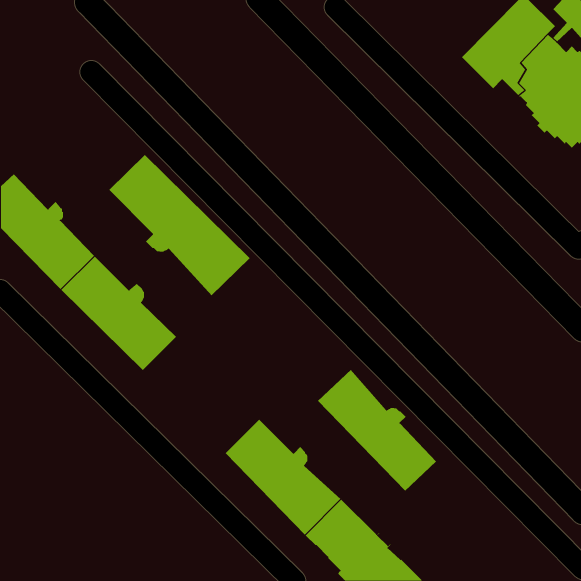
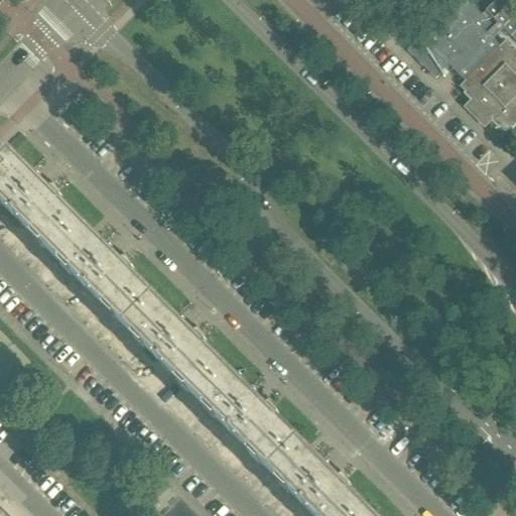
building: [108,154,250,296] -> none
building: none -> [128,297,231,400]
building: [317,369,437,491] -> none

